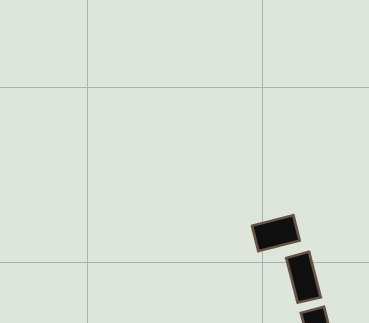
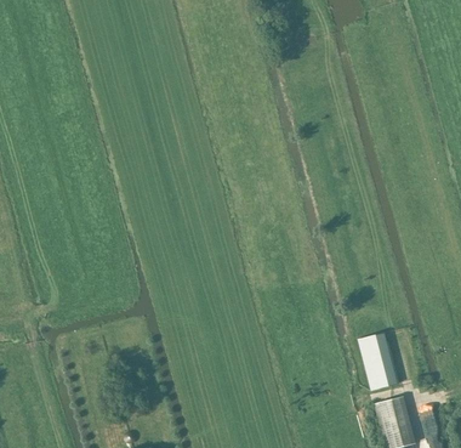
building: [252,215,300,251] -> none

